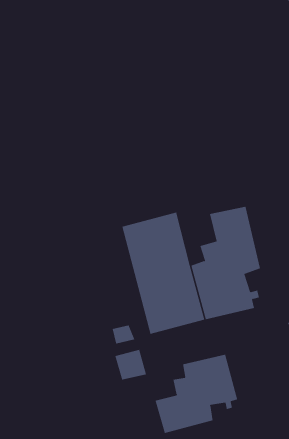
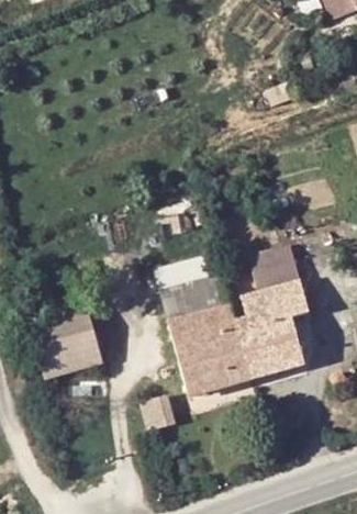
building: none -> [31,319,89,375]
building: [155,354,238,434] -> none

